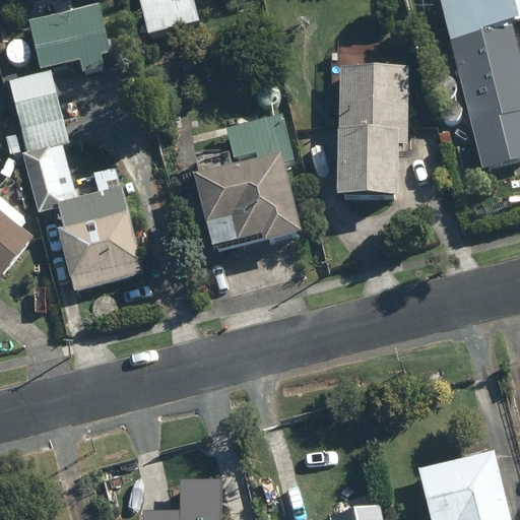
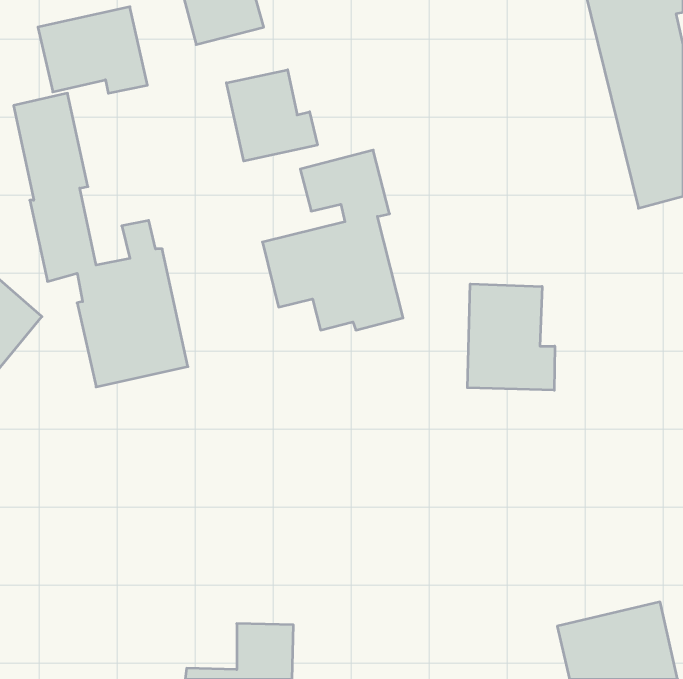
building: none -> [226,70,317,161]
building: [337,68,407,202] -> none
building: none -> [467,284,555,390]

